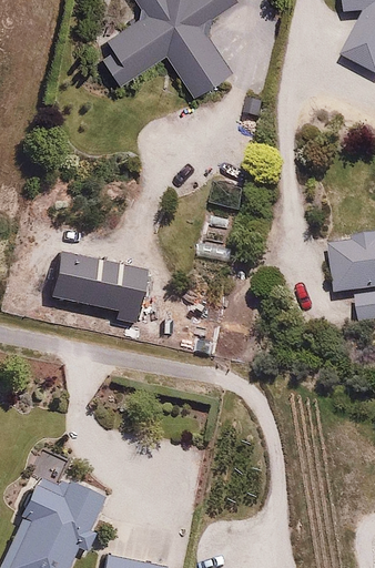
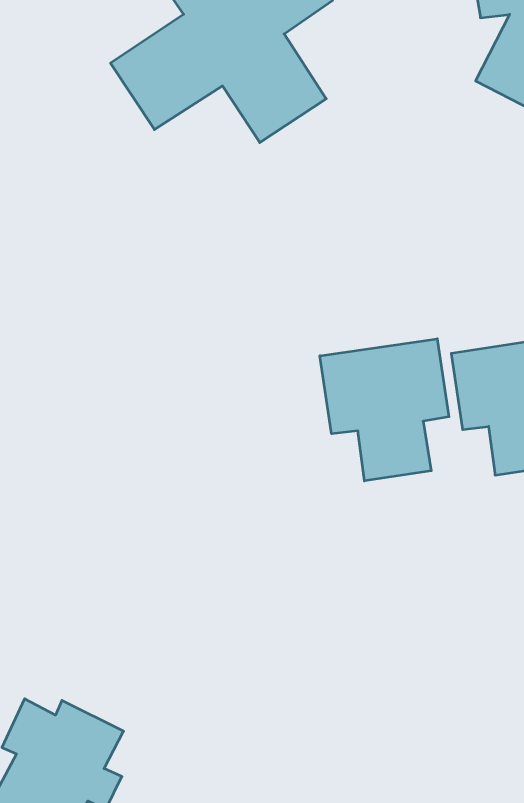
building: none -> [320,339,449,481]
building: [48,247,153,325] -> none

